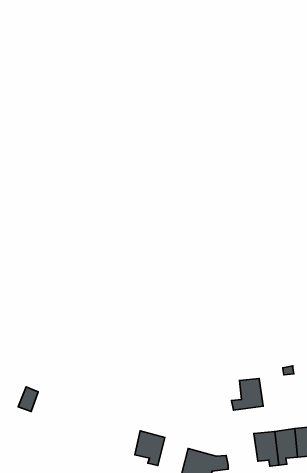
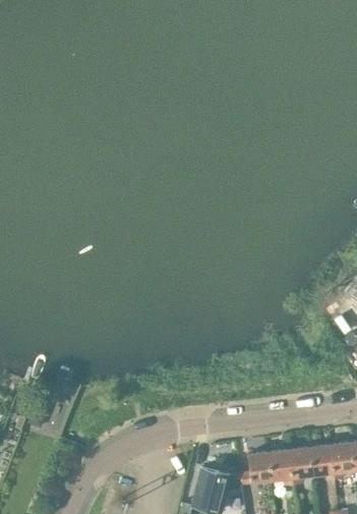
building: [231,378,263,410] -> [240,451,273,483]
building: [135,431,165,466] -> none

